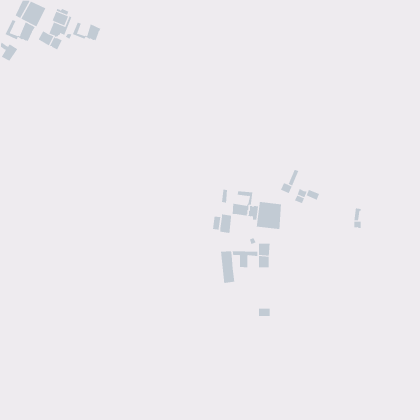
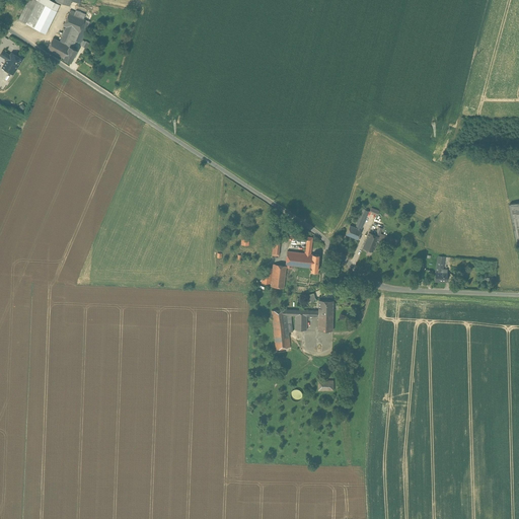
building: [5,19,36,42] -> none
building: [72,22,101,41] -> none
building: [256,201,281,230] -> none

